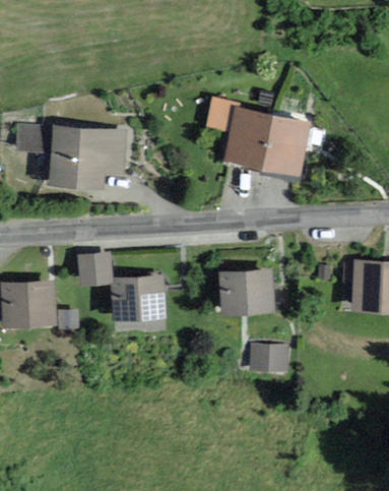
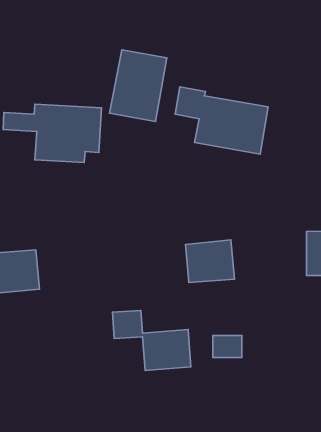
building: none -> [109,50,167,122]
building: [77,254,165,321] -> [112,310,191,371]
building: [255,345,287,369] -> [213,336,242,357]

